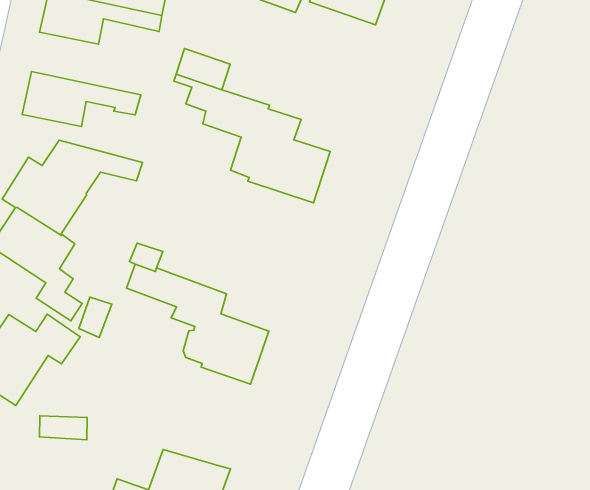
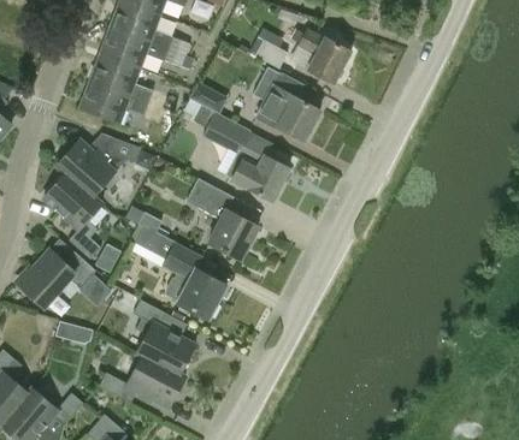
building: none -> [252,66,319,141]
building: none -> [89,54,172,108]
building: none -> [185,177,258,261]
building: none -> [132,298,195,374]

